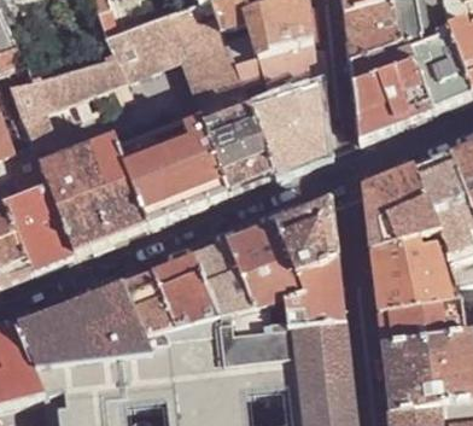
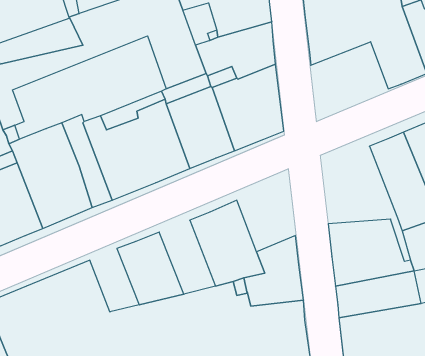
building: [354,62,433,140] -> none
building: [364,169,443,249] -> none
building: [278,203,338,278] -> none
building: [198,245,256,321] -> none
building: [127,274,177,339] -> none

